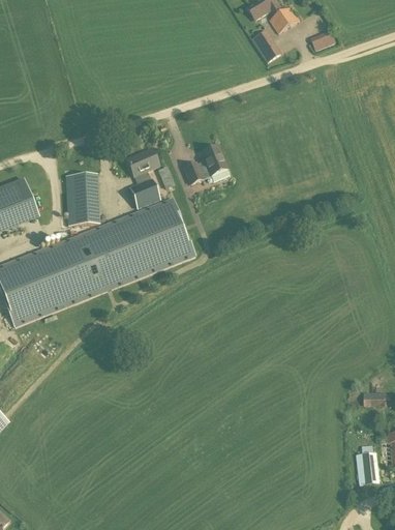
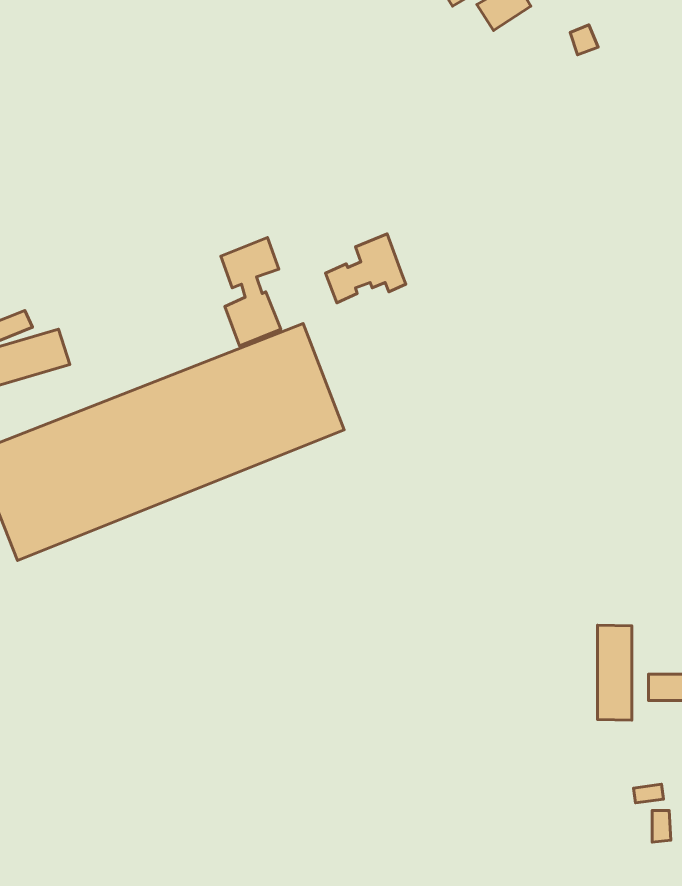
building: [253,30,280,60] -> none
building: [65,173,100,225] -> none
building: none -> [598,625,632,720]

